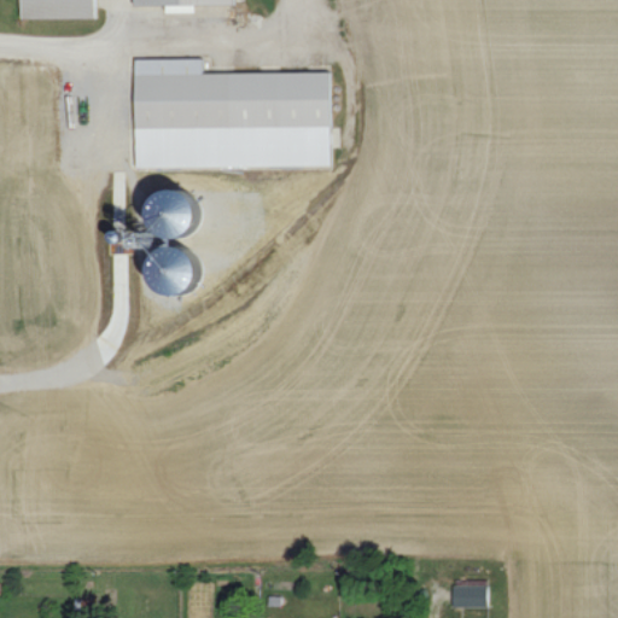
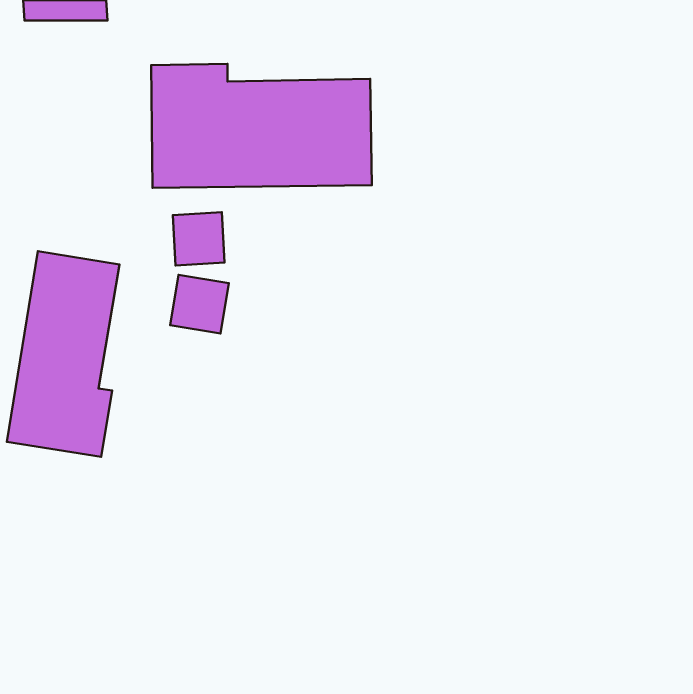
building: none -> [7,251,119,457]
building: [453,581,486,607] -> none

